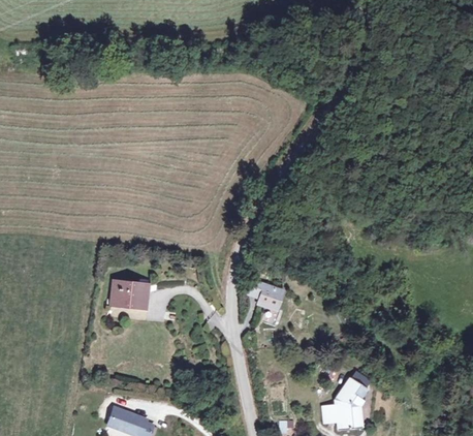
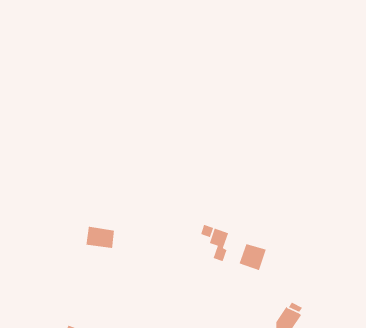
building: none -> [238,243,267,271]

